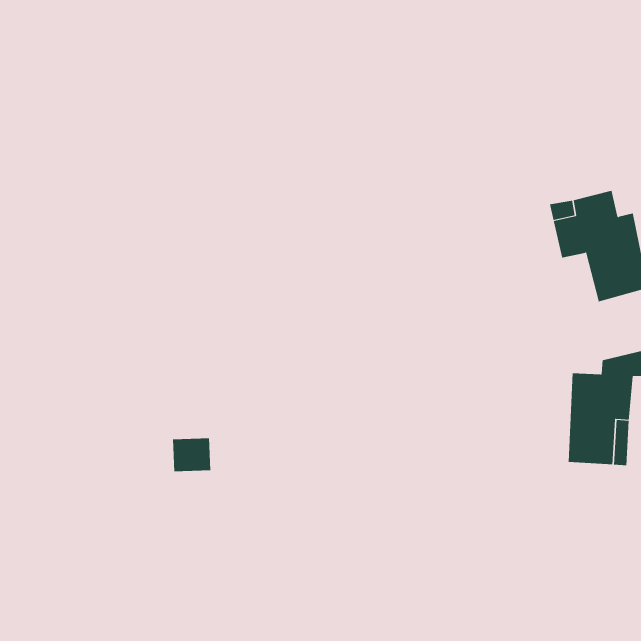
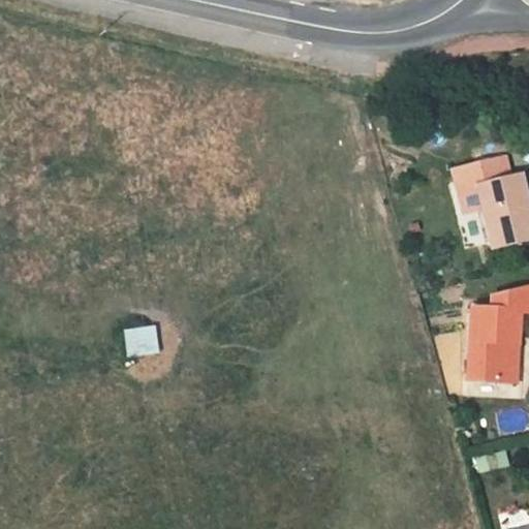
building: [172,438,211,472] -> [125,326,157,354]

